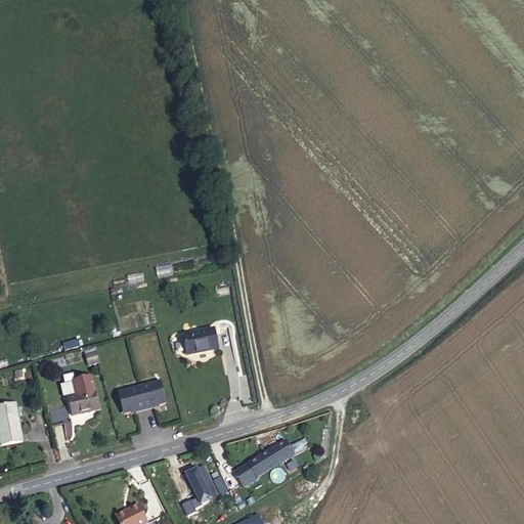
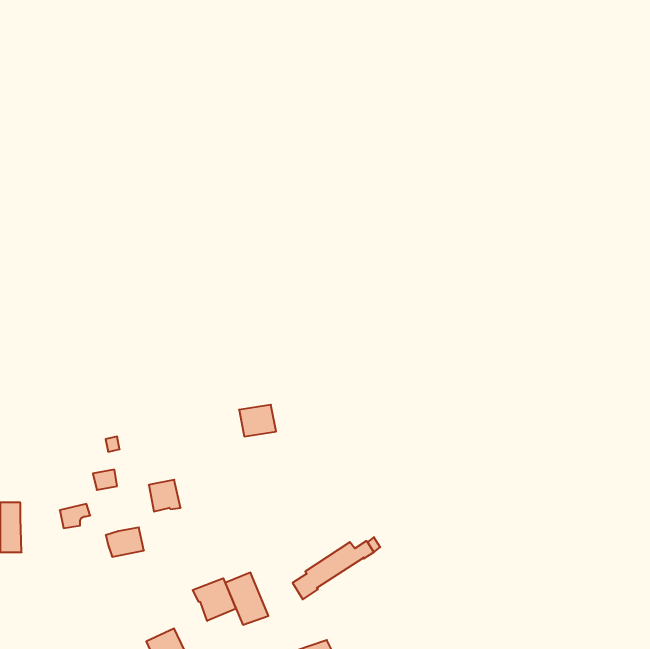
building: [140,382,167,409] -> none
building: [68,392,98,416] -> [106,527,144,557]
building: none -> [193,578,236,621]

